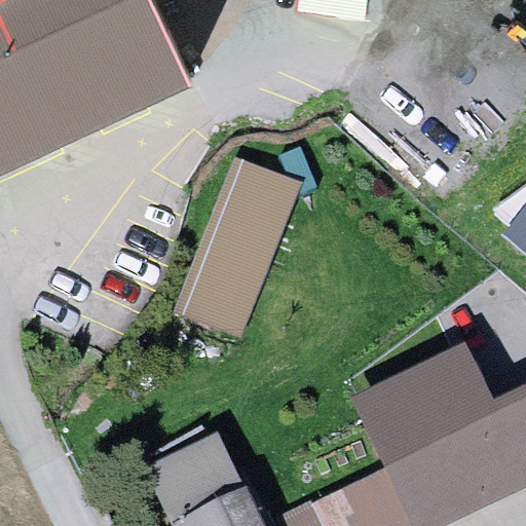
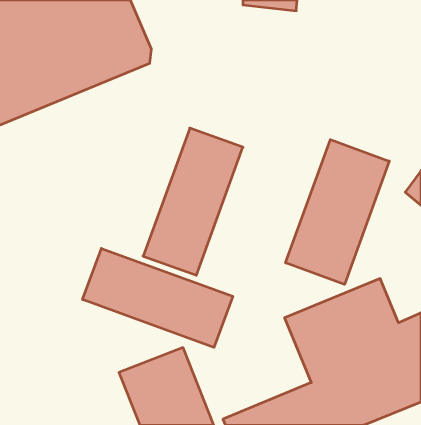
building: none -> [286,140,389,284]
building: none -> [83,248,233,347]

